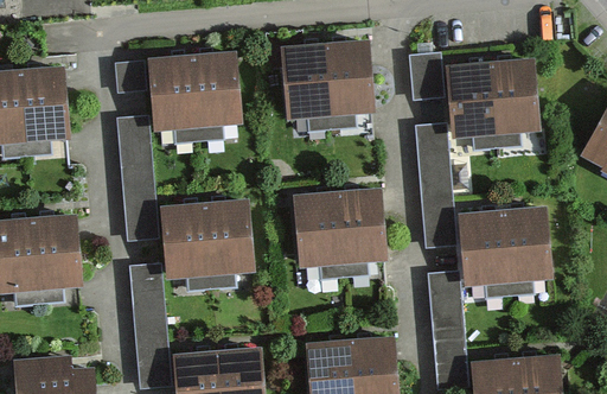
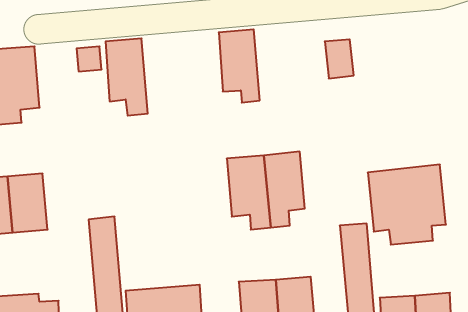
building: [325,39,372,127] -> none
building: [192,50,239,142] -> none
building: [448,59,538,152] -> none
building: [117,116,158,243] -> none
building: [415,125,454,249] -> none
building: [160,197,257,293] -> none

